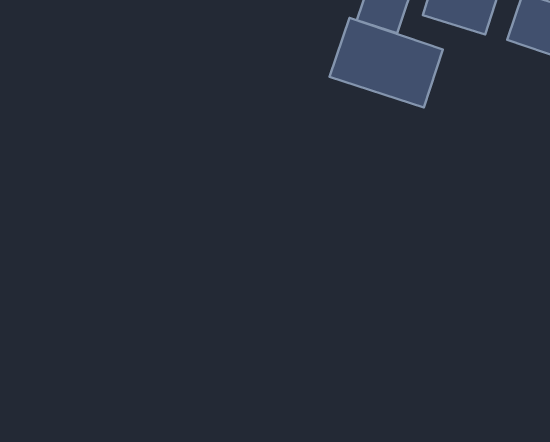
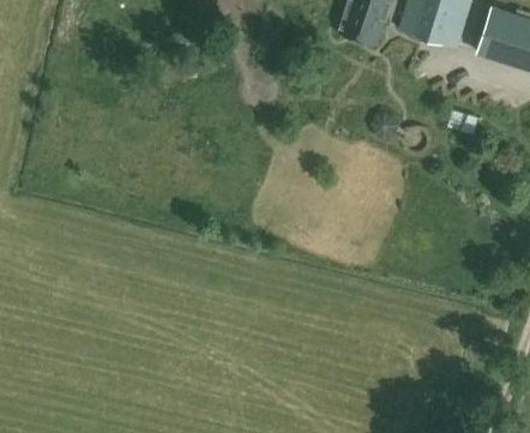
building: [330,18,443,107] -> none

